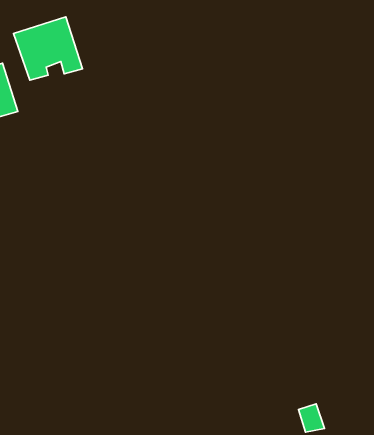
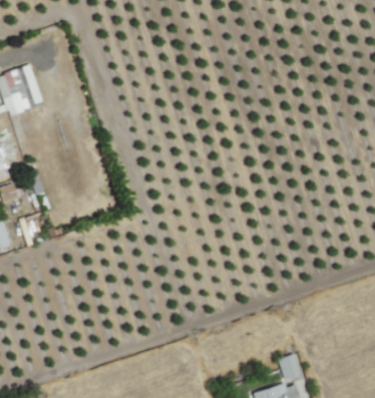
building: [14,17,83,80] -> none

